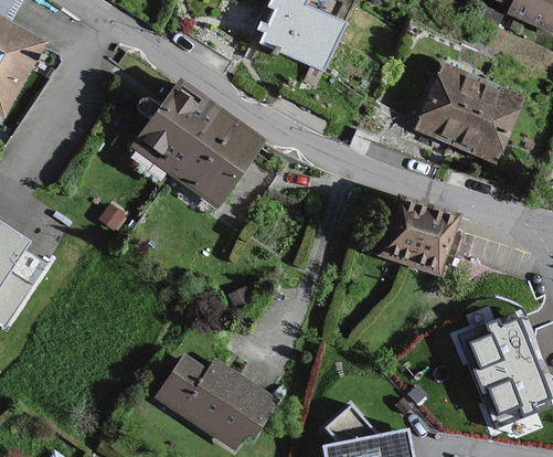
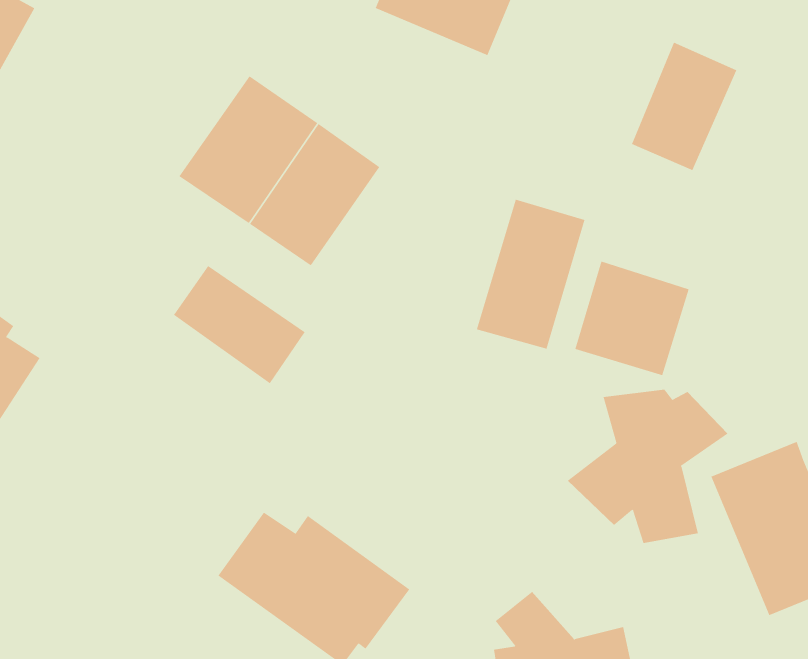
building: [451,81,519,160] -> none
building: none -> [476,199,585,349]
building: none -> [173,265,305,384]
building: none -> [567,389,729,544]

